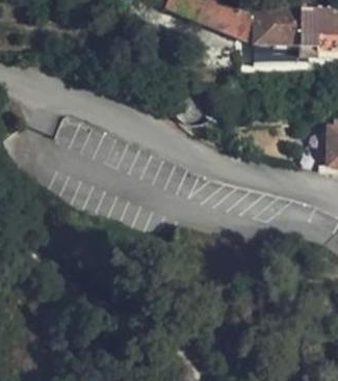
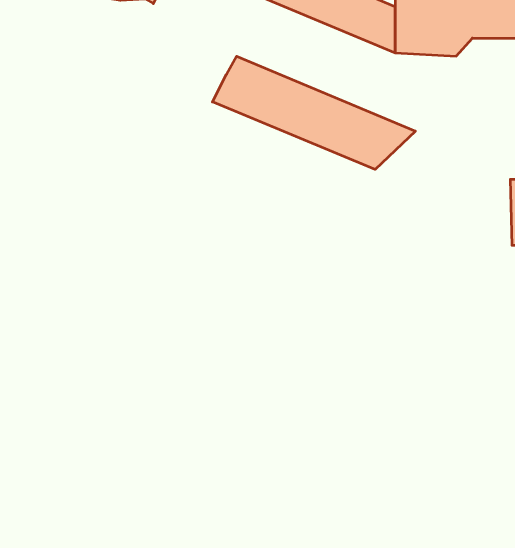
building: none -> [212,56,415,169]

